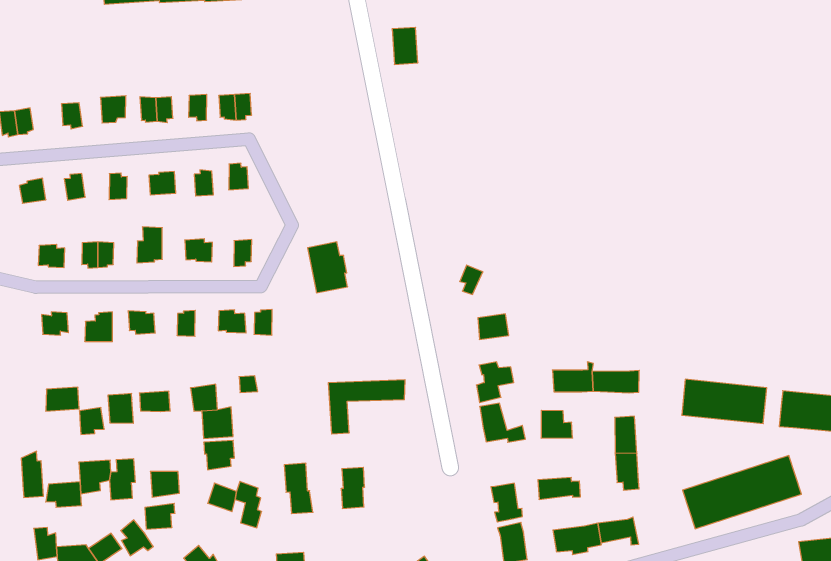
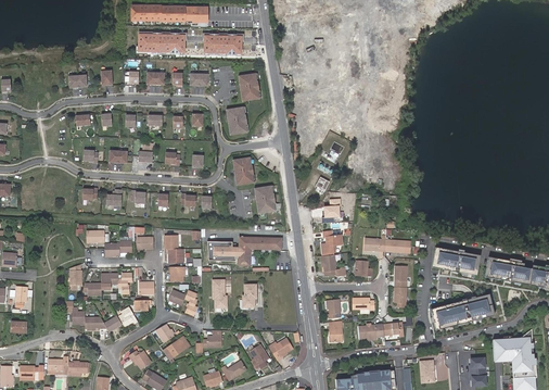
building: none -> [204,36,242,54]
building: none -> [138,34,186,53]
building: none -> [238,71,258,99]
building: none -> [226,106,246,135]
building: none -> [255,186,276,214]

